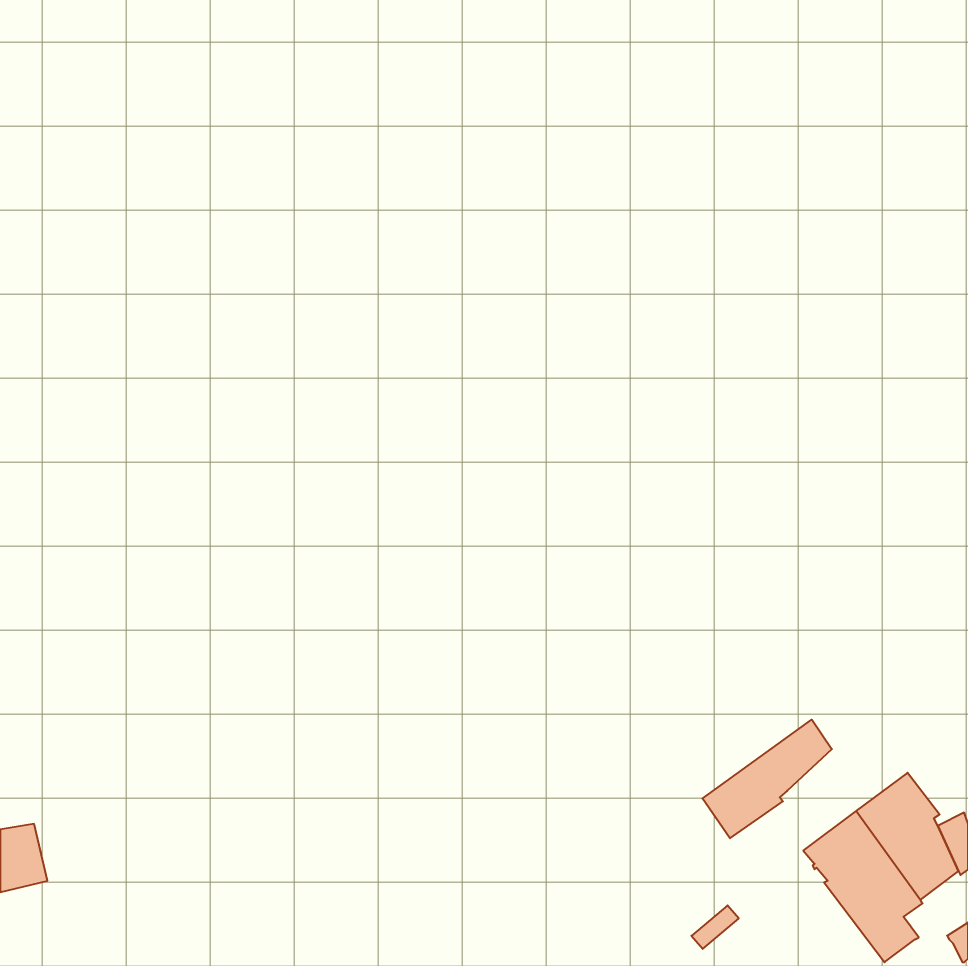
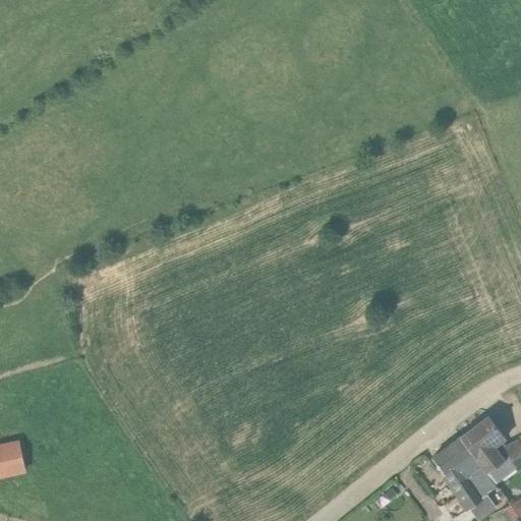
building: [702,720,832,838] -> none

